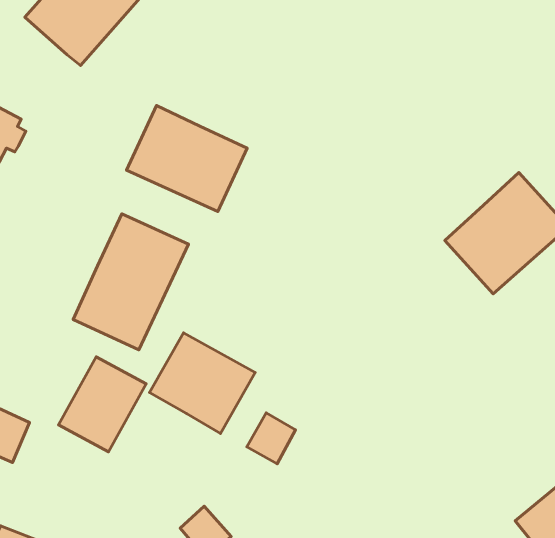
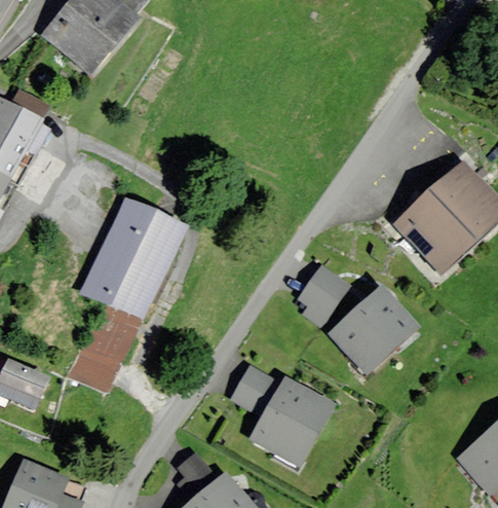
building: [126,105,247,211] -> none
building: none -> [300,270,418,371]
building: [150,333,255,433] -> none
building: none -> [252,376,331,462]

